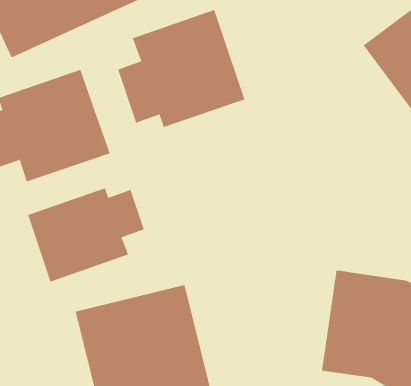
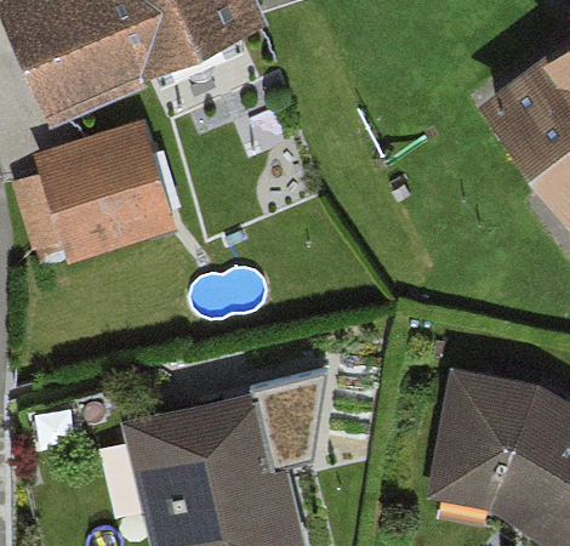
building: [117,9,245,128] -> none
building: [27,188,144,282] -> none

